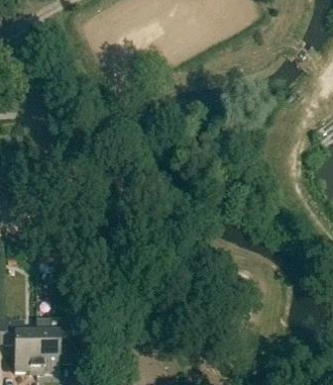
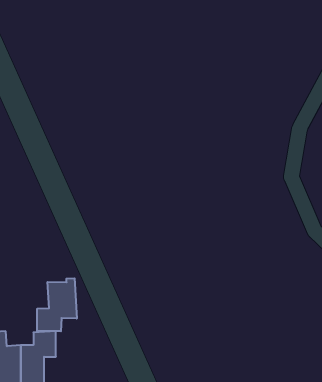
building: none -> [37,278,77,331]

